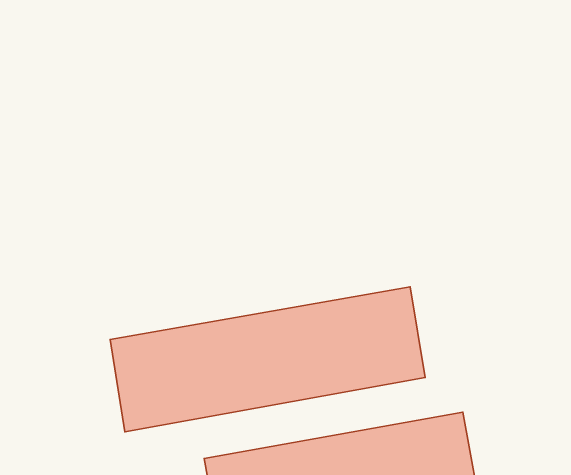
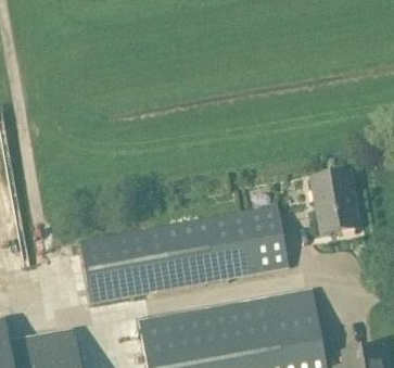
building: none -> [310,173,357,236]

